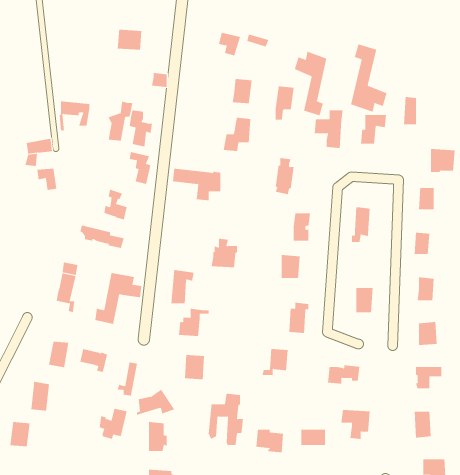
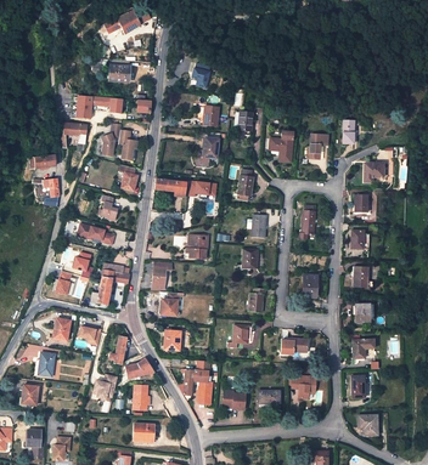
building: [350,44,387,113] -> none
building: [294,51,327,116] -> none
building: none -> [75,96,122,119]

